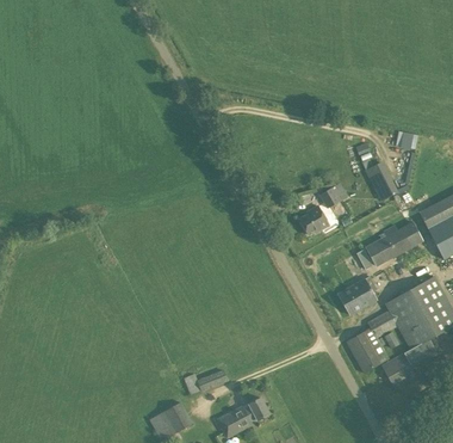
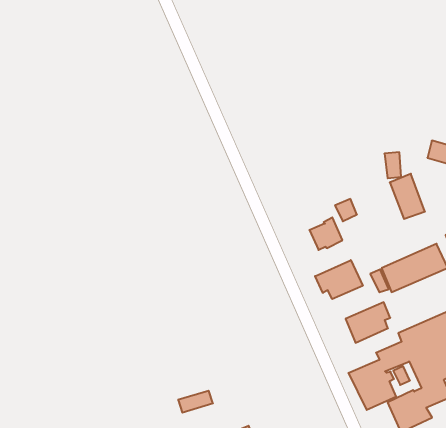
building: none -> [315,260,363,299]

